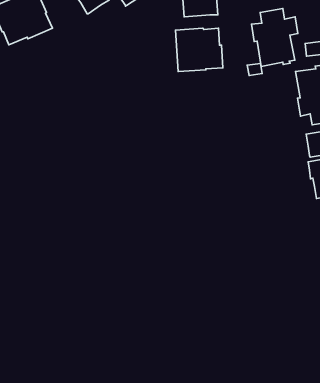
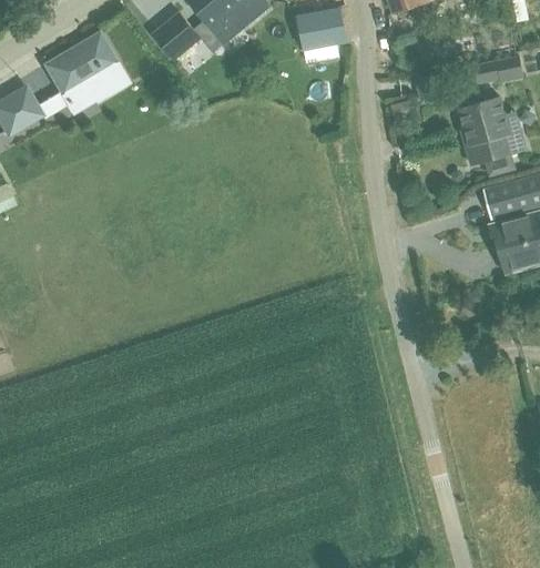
building: [251,8,298,66] -> none
building: [175,28,223,72] -> none

